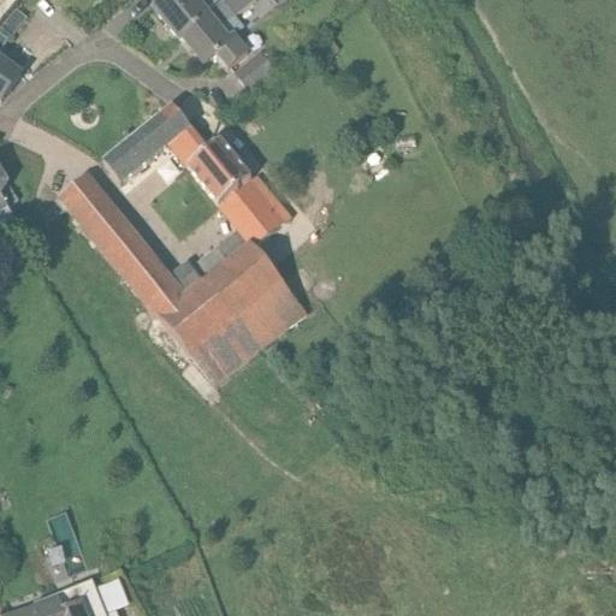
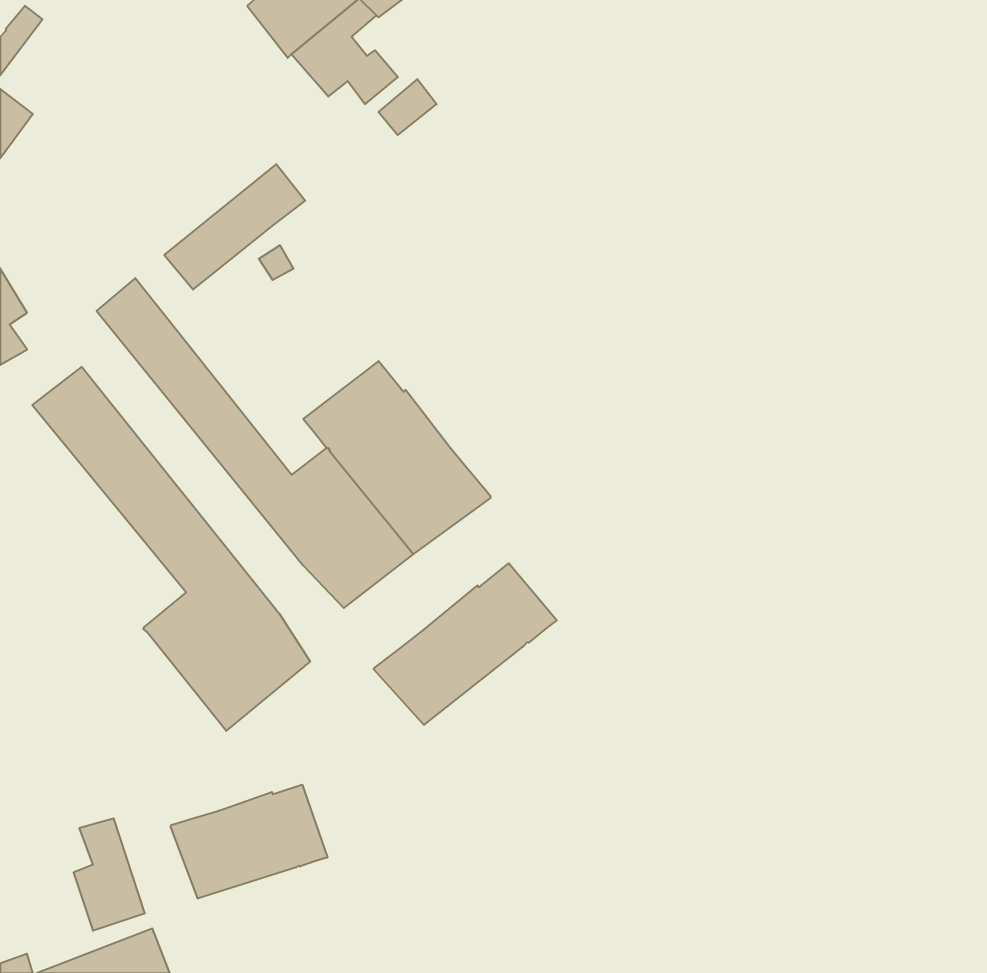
building: [170,125,284,244] -> none
building: none -> [32,367,310,731]
building: none -> [374,563,557,725]
building: none -> [171,785,327,899]

